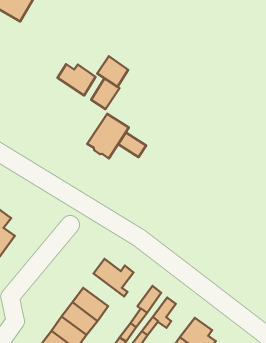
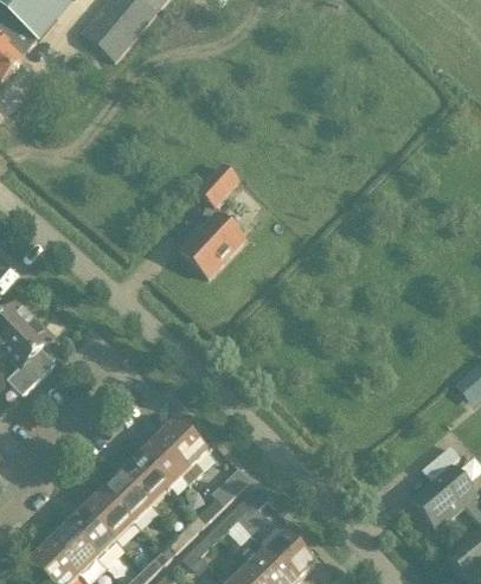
building: [97,56,128,87] -> none
building: [58,64,96,95] -> none
building: [118,133,146,157] -> none
building: none -> [140,435,195,484]

